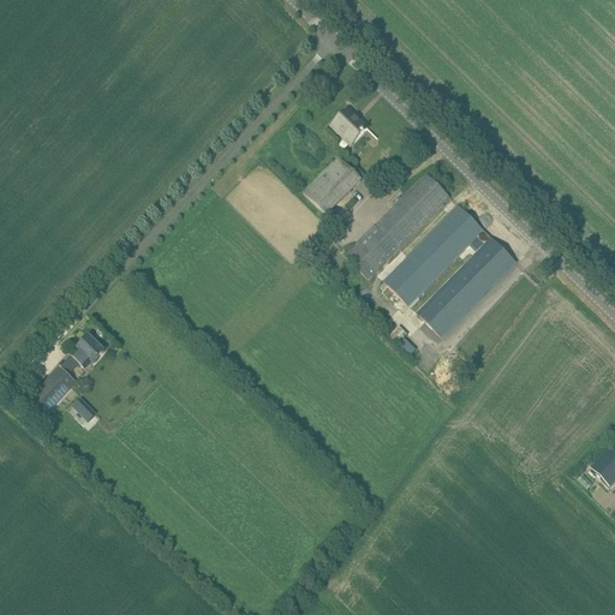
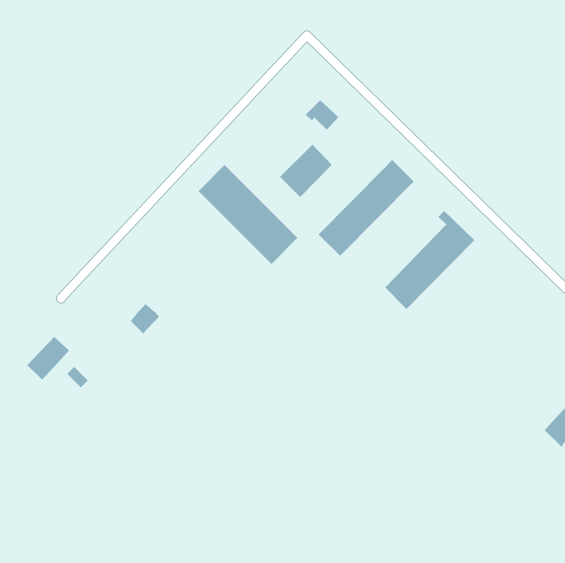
building: none -> [198,164,298,265]
building: [383,205,483,308] -> none
building: [72,335,105,369] -> [130,303,160,334]

